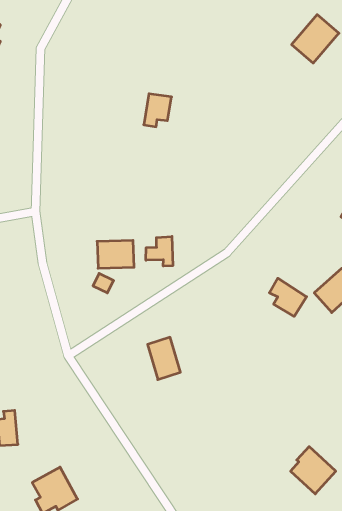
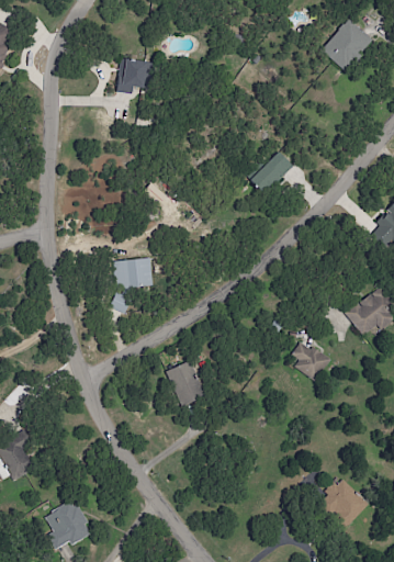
building: [144,94,172,127] -> [119,58,148,93]
building: none -> [250,150,293,194]
building: [146,236,173,266] -> none
building: [269,278,307,316] -> [290,339,329,380]

